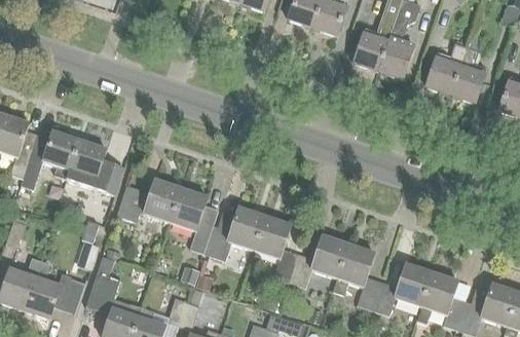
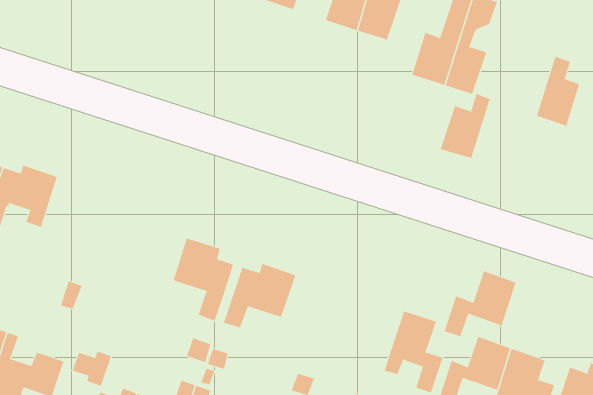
building: [426,43,466,93] -> [440,94,490,159]
building: [68,141,124,196] -> none
building: [117,180,180,222] -> none
building: [254,217,297,280] -> none
building: [292,235,348,287] -> [444,270,517,337]

